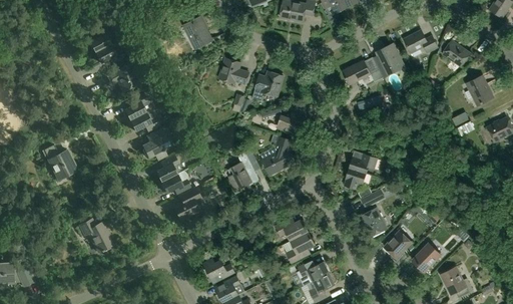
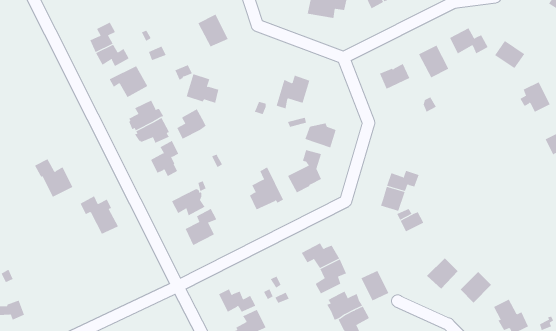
building: [219,58,248,84] -> [186,74,219,103]
building: [156,155,182,182] -> [176,108,206,139]
building: [361,209,386,236] -> [361,270,389,301]
building: [79,218,113,252] -> [80,195,119,234]

